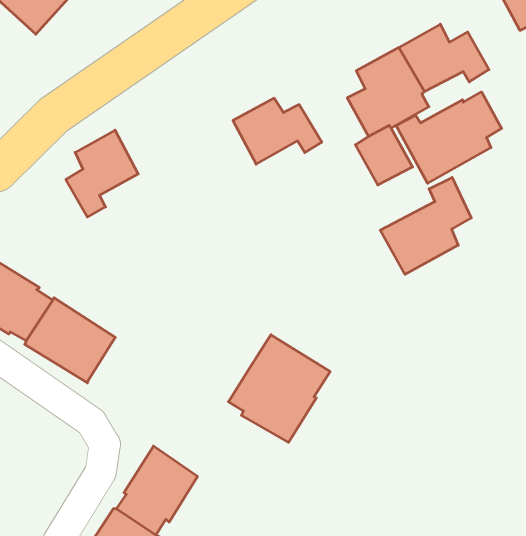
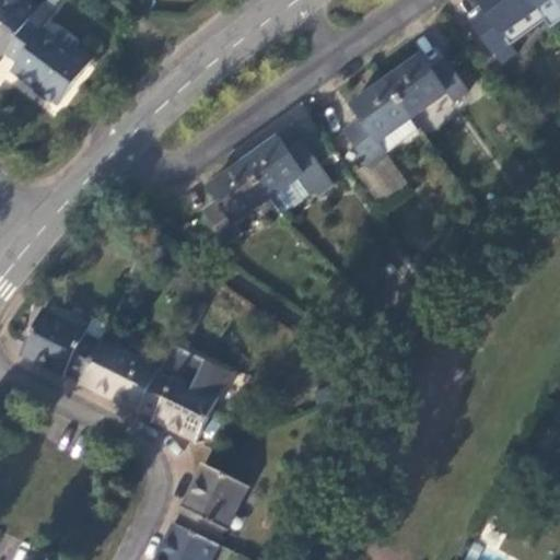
building: [396,92,502,183] -> none
building: [66,130,138,217] -> [202,161,267,242]
building: [380,177,471,274] -> none
building: [228,335,330,442] -> [138,343,226,439]

